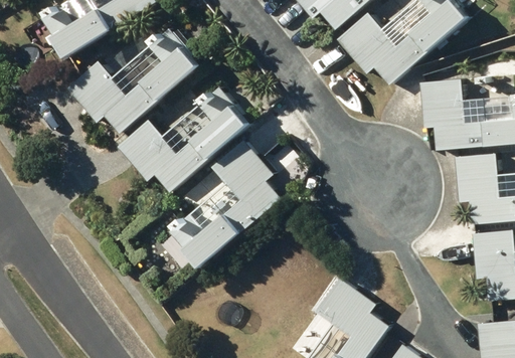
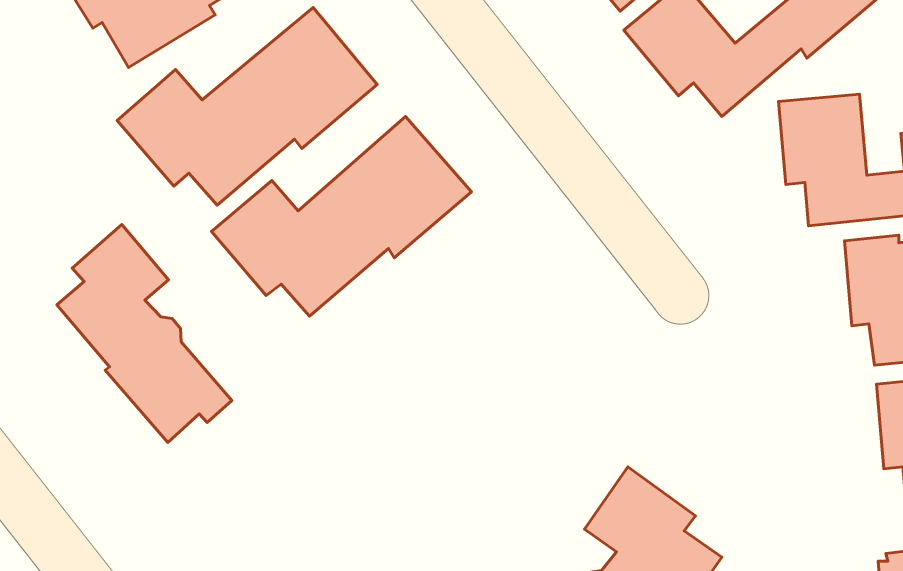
building: [168,141,280,272] -> none
building: none -> [57,225,232,442]

